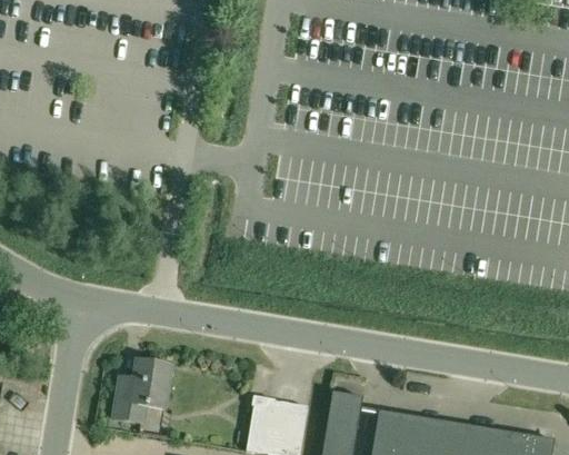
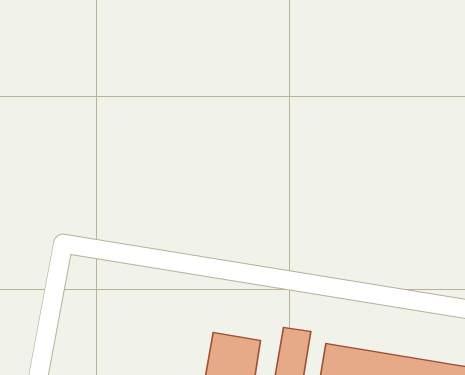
building: [113,360,171,423] -> none

